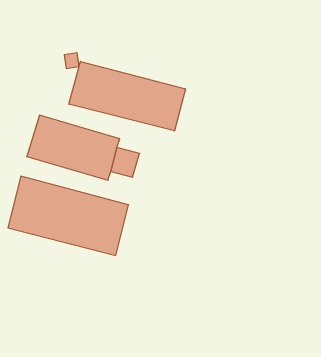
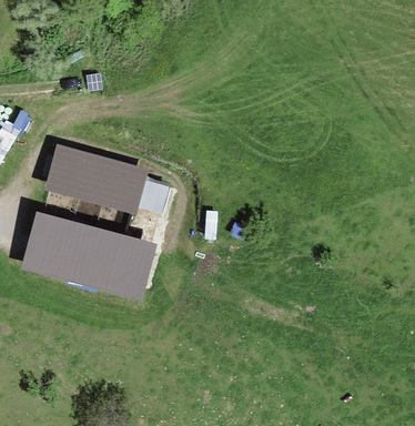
building: [69,61,185,131] -> none

